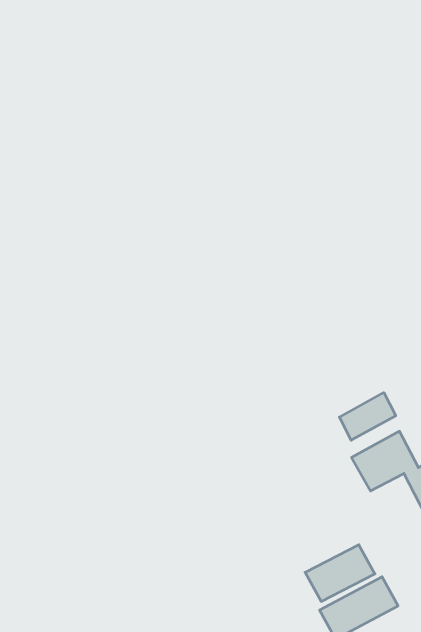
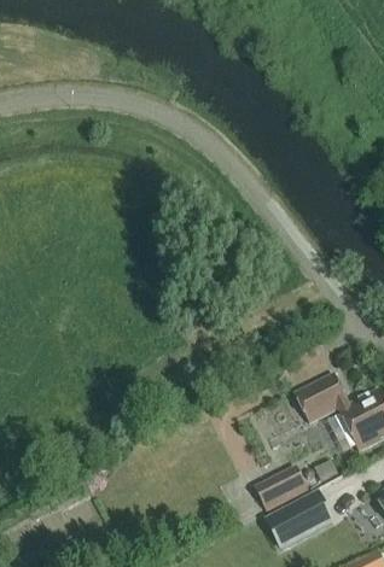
building: [339,393,396,440] -> none

